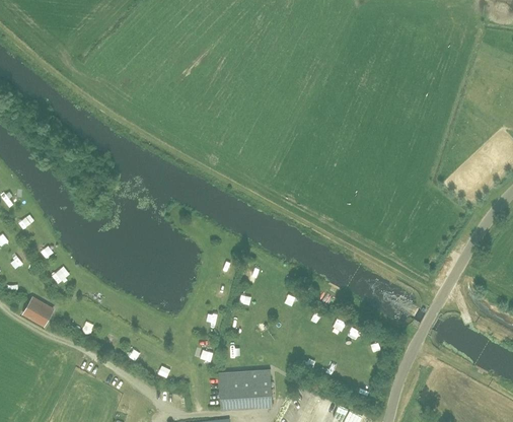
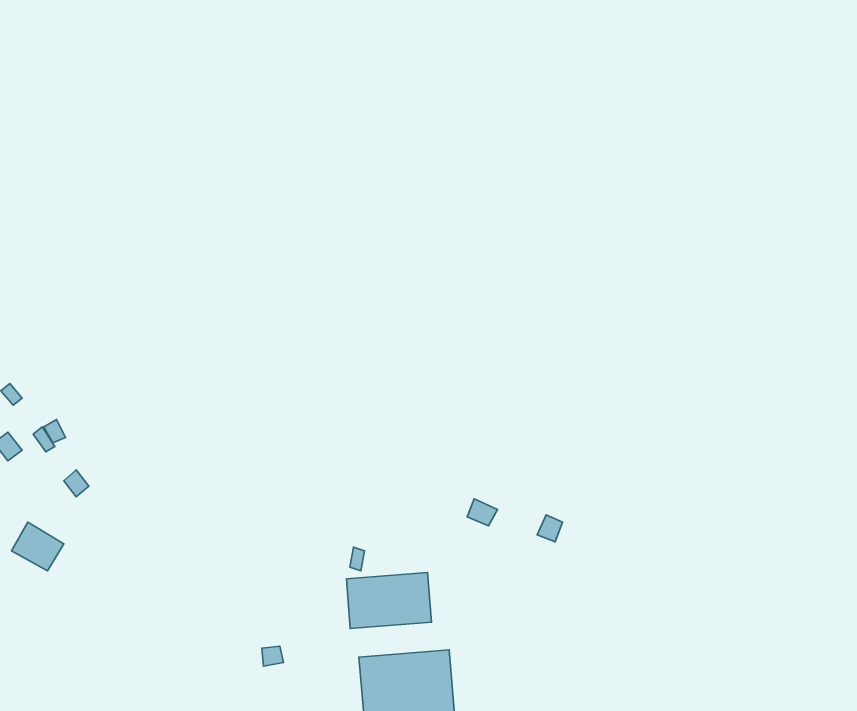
building: none -> [346,572,431,629]

